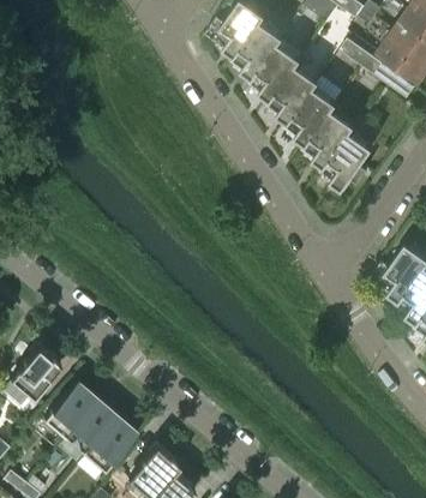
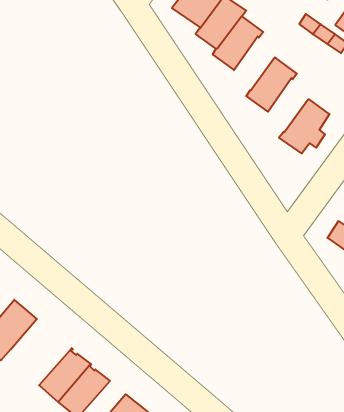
building: [265,62,319,120] -> none
building: [300,107,354,164] -> none
building: [43,378,97,434] -> none

